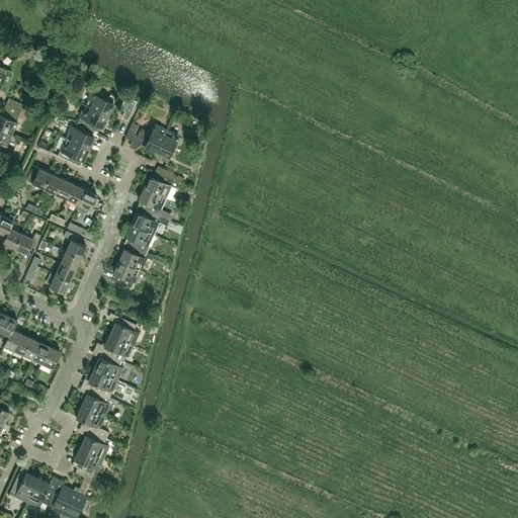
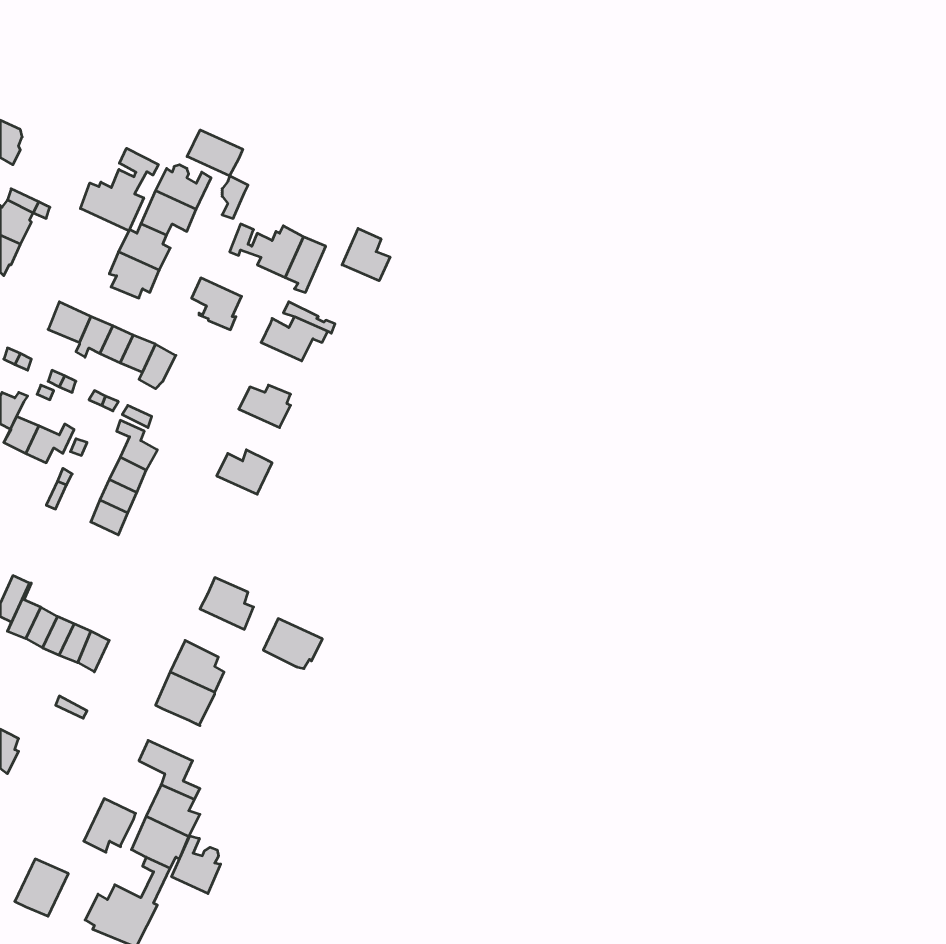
building: none -> [187,130,243,176]
building: none -> [80,148,158,231]
building: none -> [342,228,390,281]
building: [138,188,165,217] -> [192,278,242,330]
building: [125,225,153,253] -> none
building: [113,261,141,288] -> none
building: [101,334,134,361] -> [263,619,322,669]
building: [81,388,115,417] -> none
building: none -> [172,836,221,894]
building: [26,479,55,508] -> [84,799,136,852]

